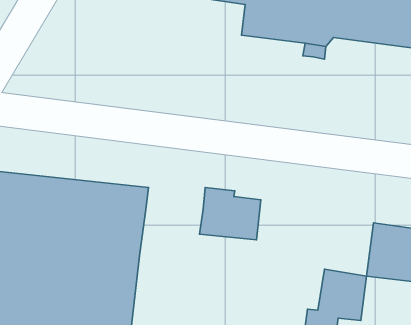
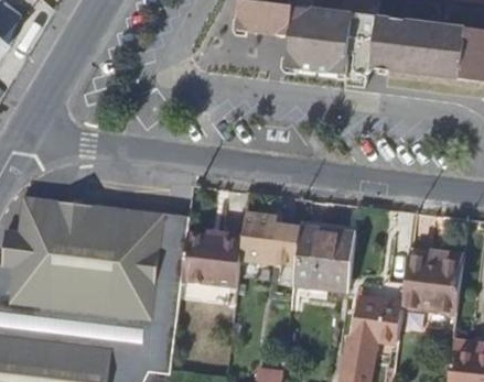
building: none -> [292,227,353,290]
building: none -> [181,232,243,287]

